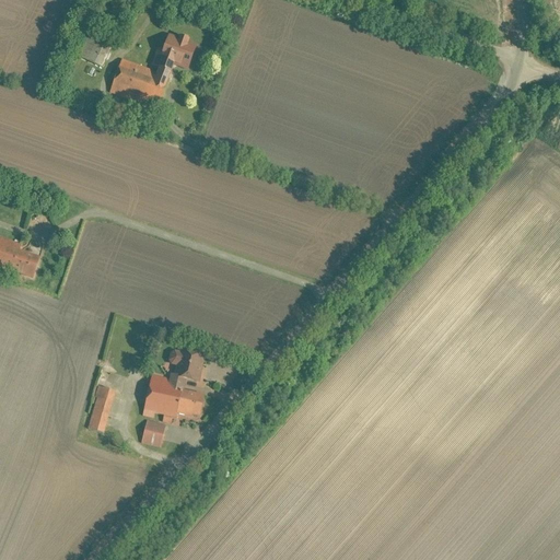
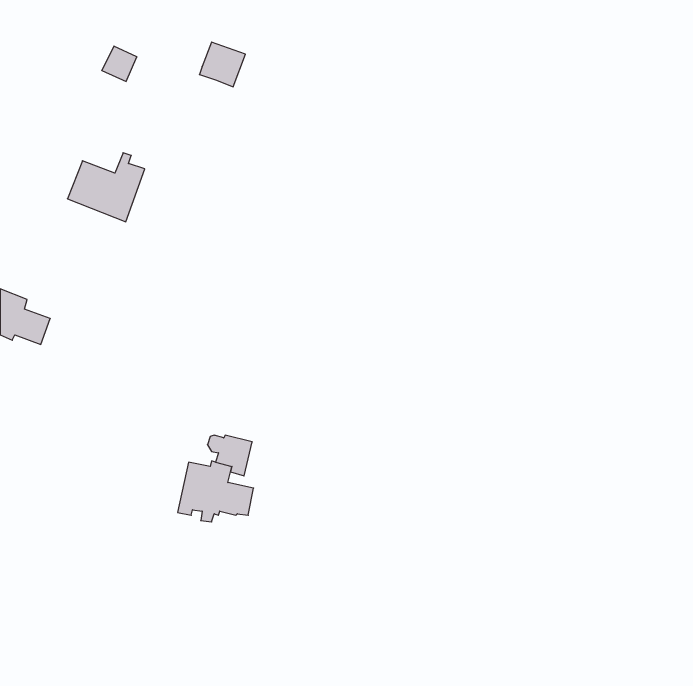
building: [112,51,174,107] -> [67,153,145,222]
building: [88,383,116,430] -> none
building: [141,418,166,446] -> none

